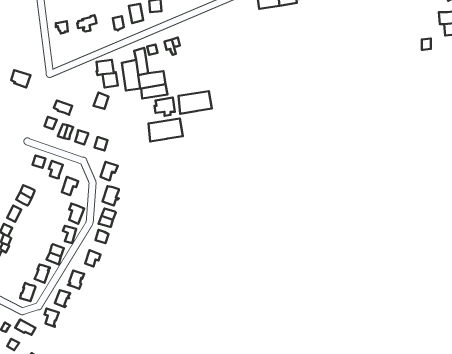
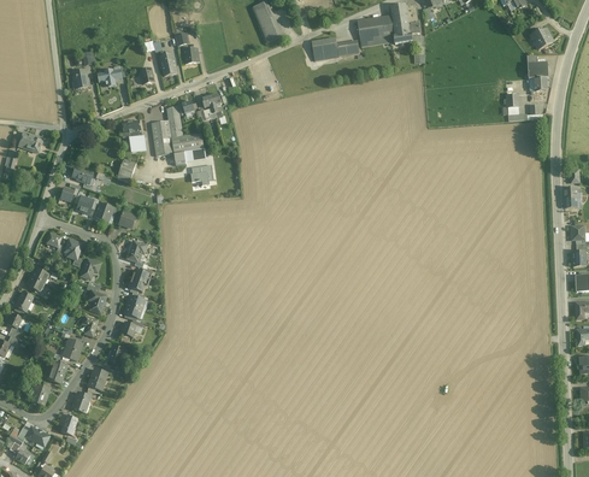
building: [178,91,212,114] -> none
building: [148,118,183,141] -> none

